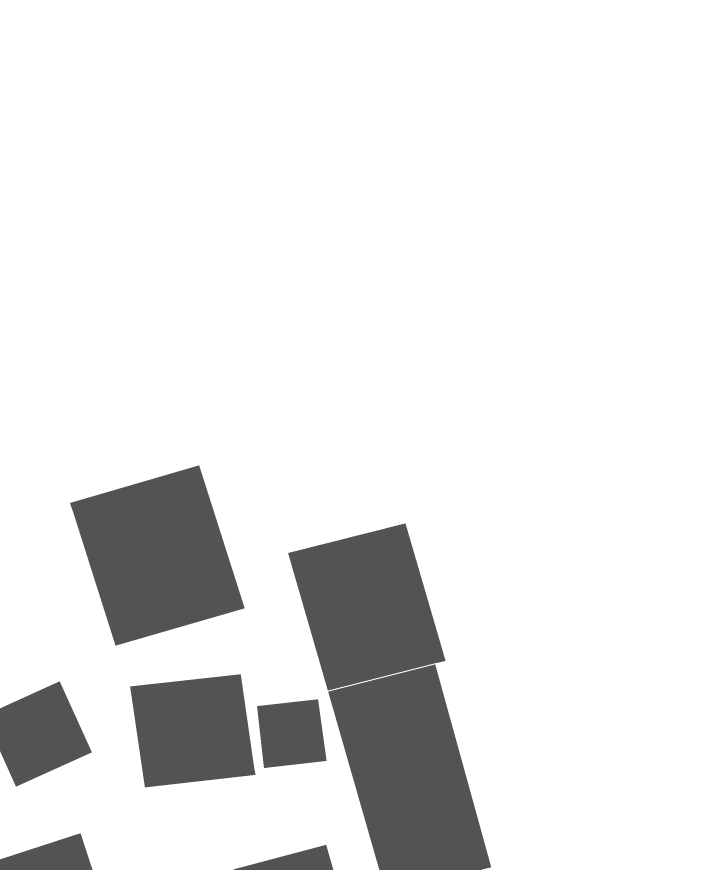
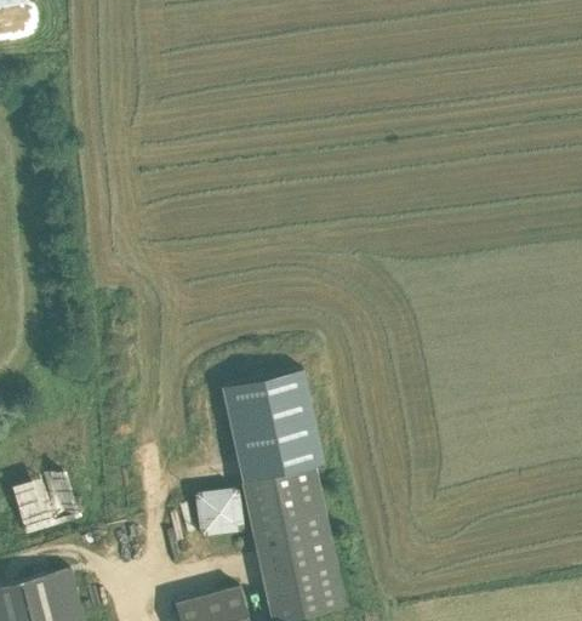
building: [69,465,246,647] -> none
building: [129,673,256,788] -> none

